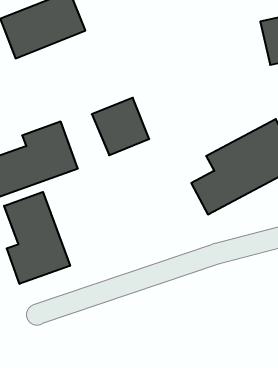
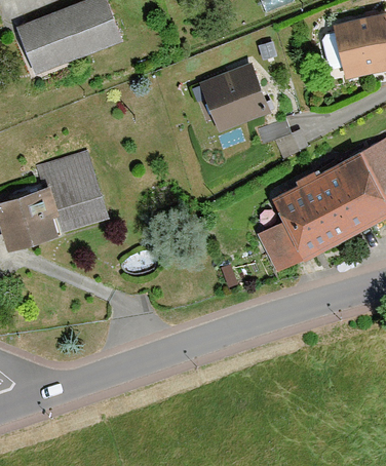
building: [92,98,149,155] -> [197,62,269,133]
building: [4,192,70,284] -> none

